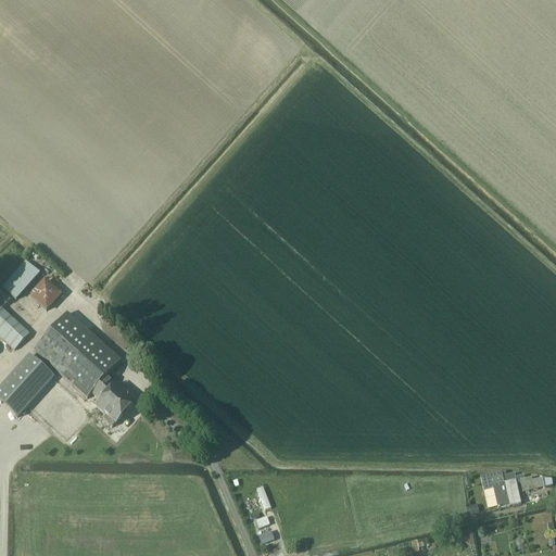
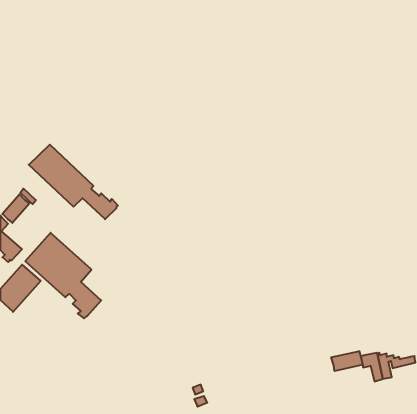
building: none -> [29,145,118,219]
building: [28,276,62,308] -> none
building: none -> [331,351,362,371]

